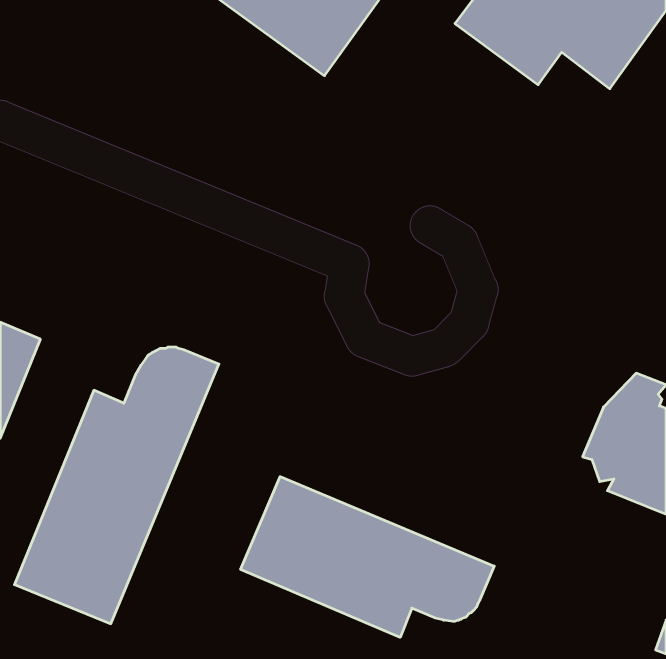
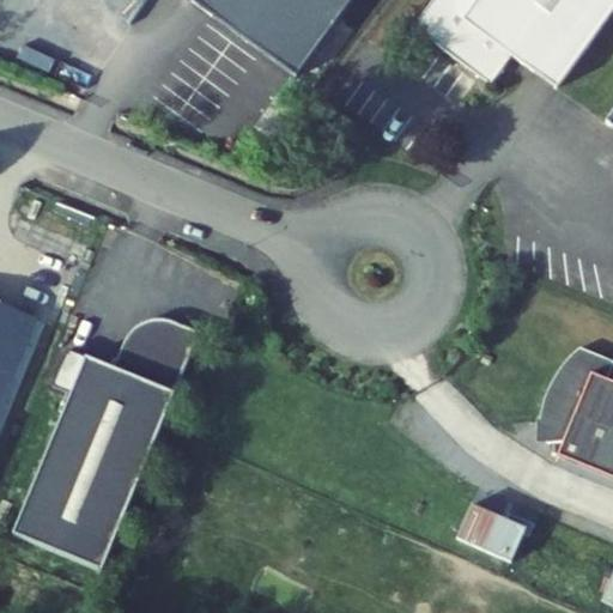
building: [241,477,494,637] -> none
building: none -> [457,503,528,562]

